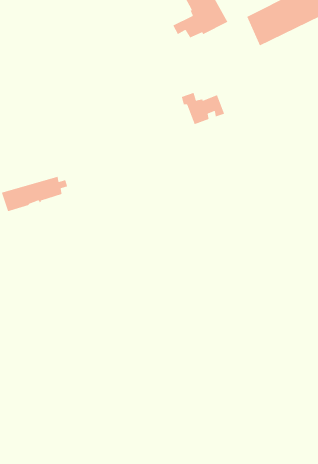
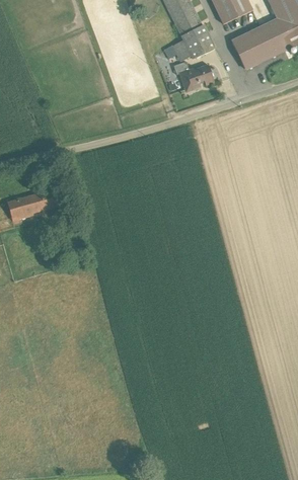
building: [181,92,225,125] -> [173,61,214,91]

